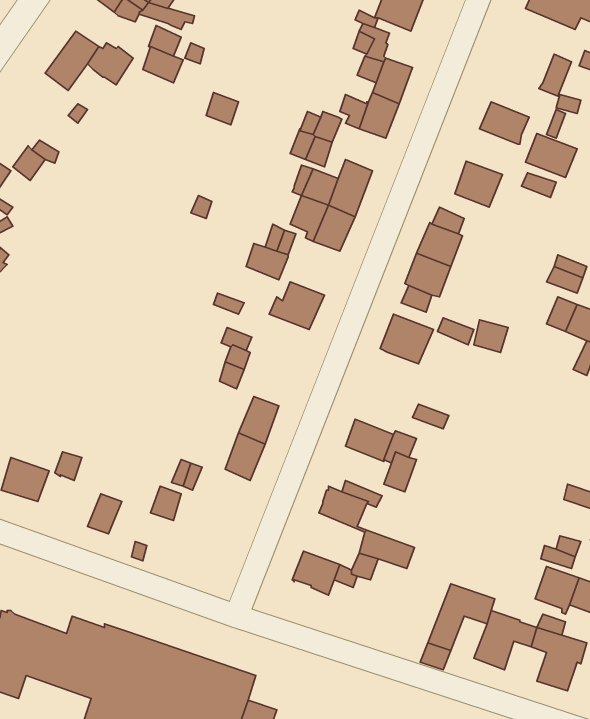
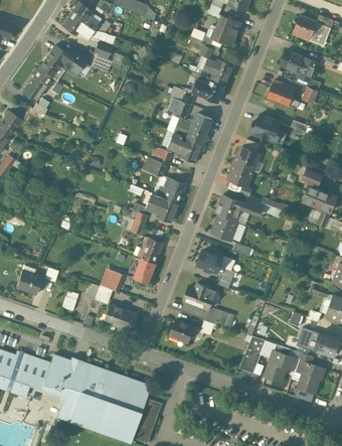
building: none -> [22,68,51,102]
building: [525,133,577,177] -> [280,50,307,73]
building: none -> [150,194,178,222]
building: none -> [211,215,237,242]
building: none -> [102,304,136,332]

